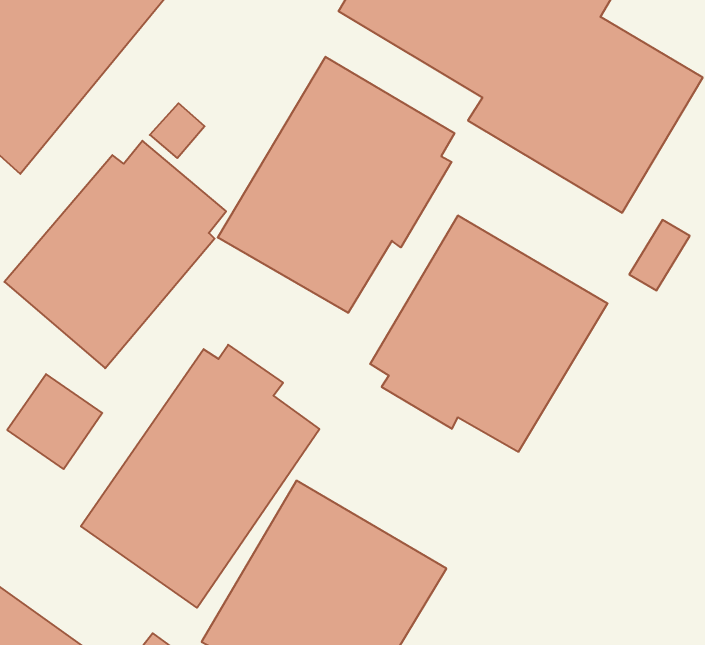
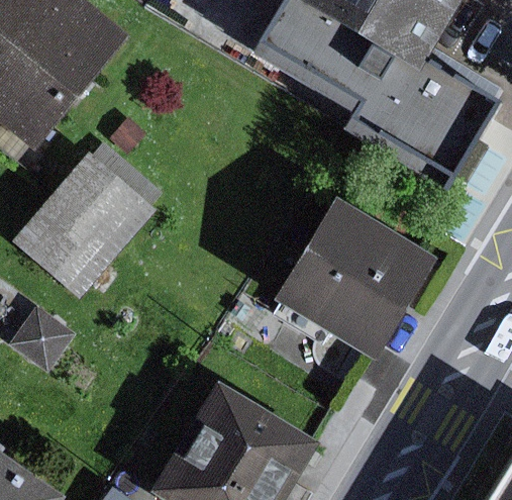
building: [218,57,454,313] -> none
building: [81,345,319,608] -> none

